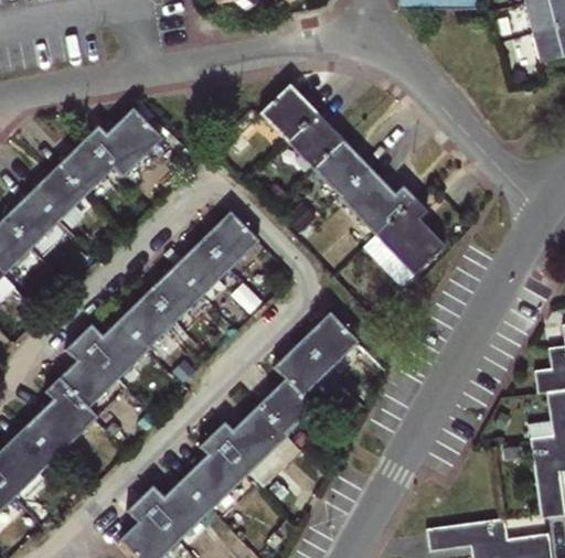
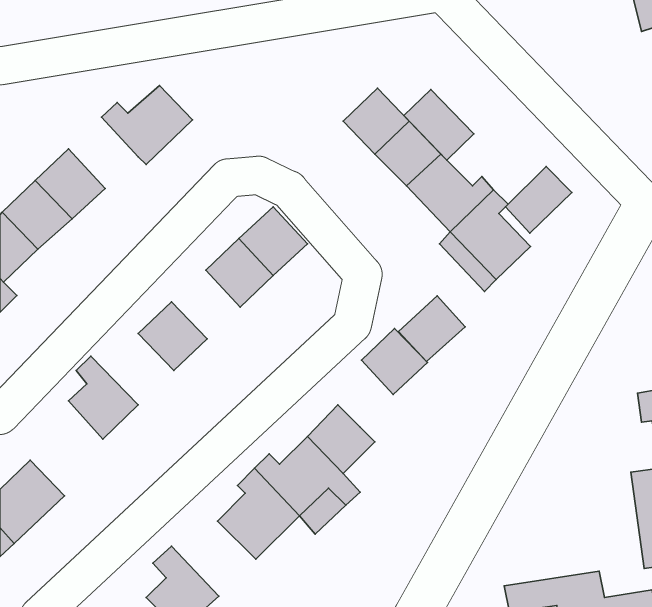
building: [263,85,318,140] -> none
building: none -> [404,89,474,160]
building: [60,137,118,196] -> none
building: none -> [506,166,572,233]
building: [146,265,203,322] -> none
building: none -> [398,296,465,362]
building: [78,318,148,377] -> none
building: [276,340,331,396] -> none
building: [28,374,97,453] -> none
building: [146,474,216,537] -> none

